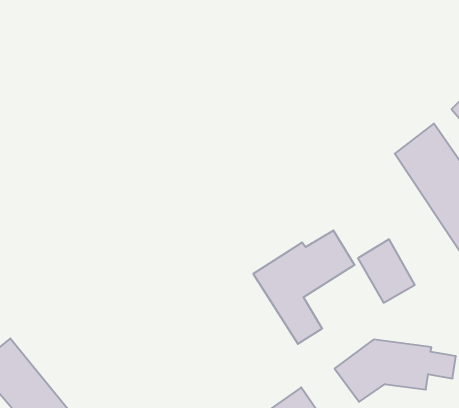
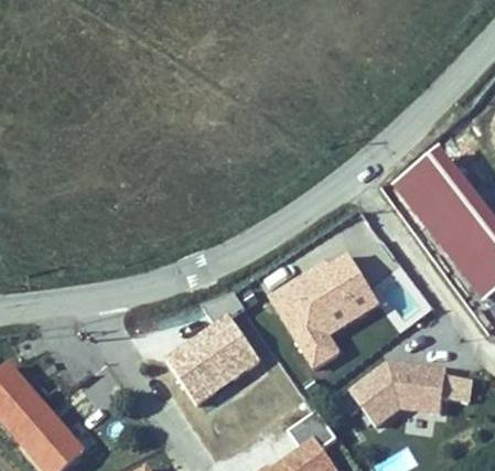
building: none -> [163,295,257,406]

